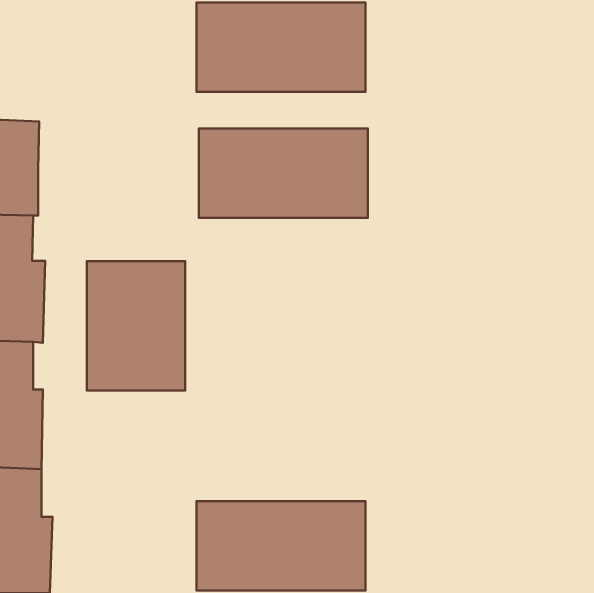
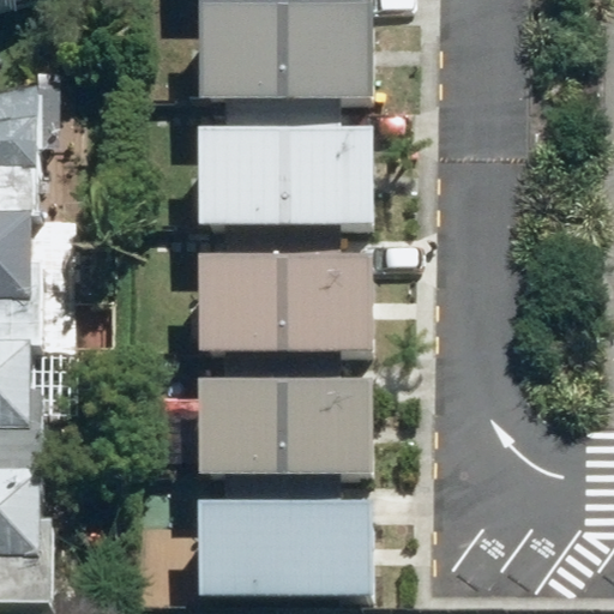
building: none -> [199,253,369,343]
building: [87,261,185,390] -> none
building: none -> [200,380,371,470]

